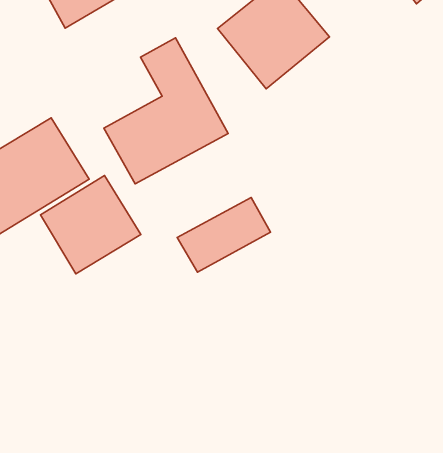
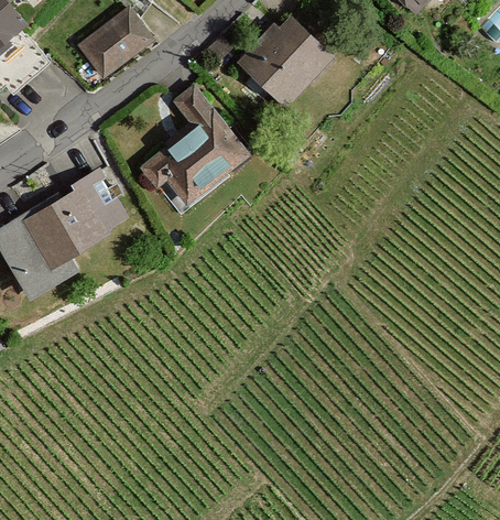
building: [40,175,141,274] -> none
building: [177,198,270,272] -> none

